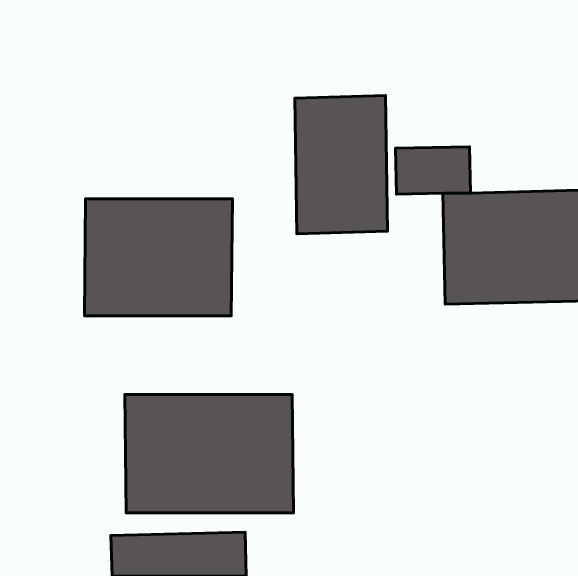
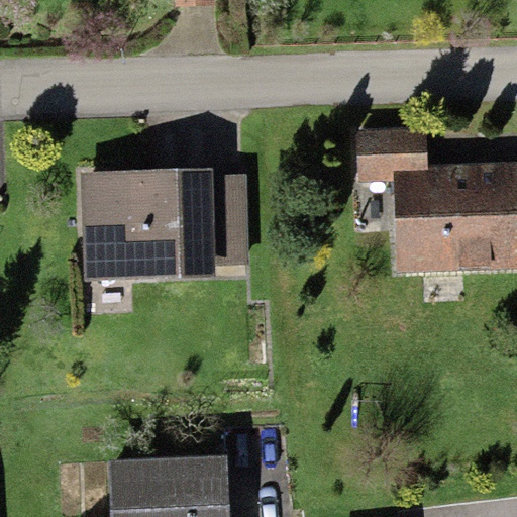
building: [295,96,388,234] -> none
building: [125,395,293,513] -> none

